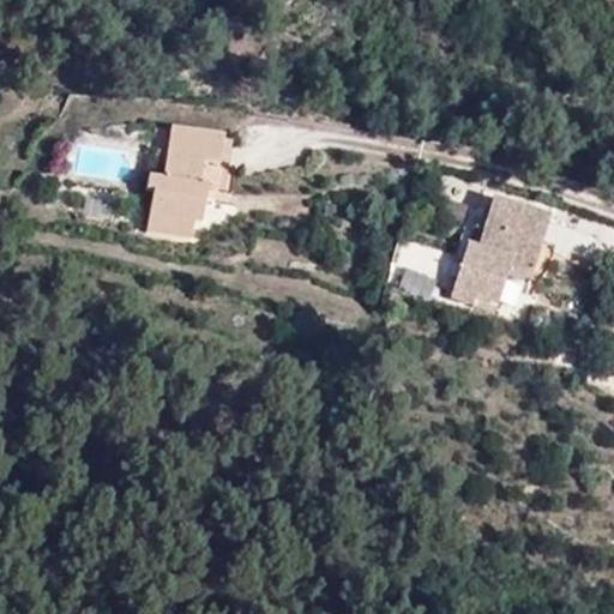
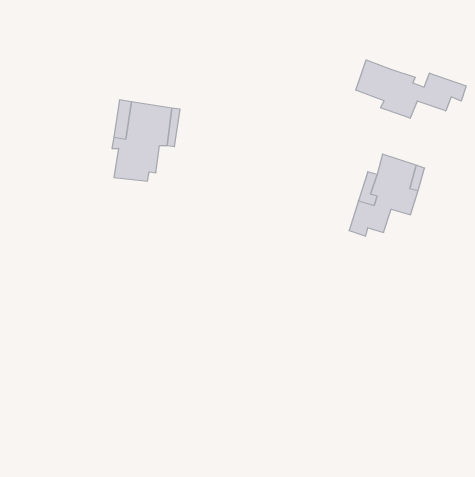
building: none -> [356,60,466,118]

